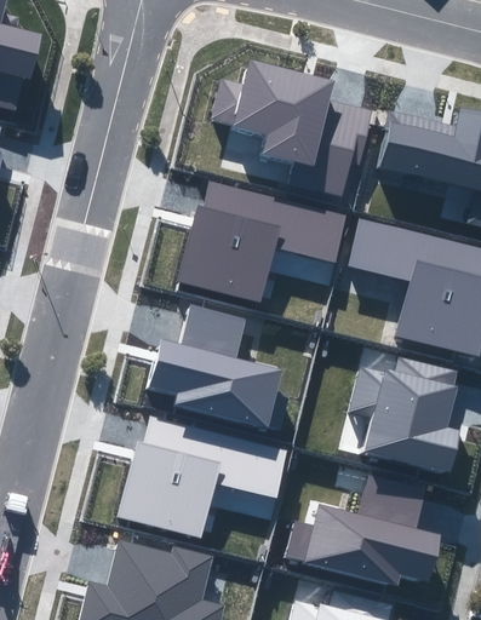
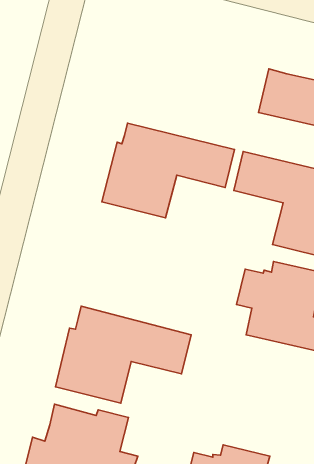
building: [208,61,371,199] -> none
building: [148,305,290,432] -> none
building: [285,472,440,584] -> none

